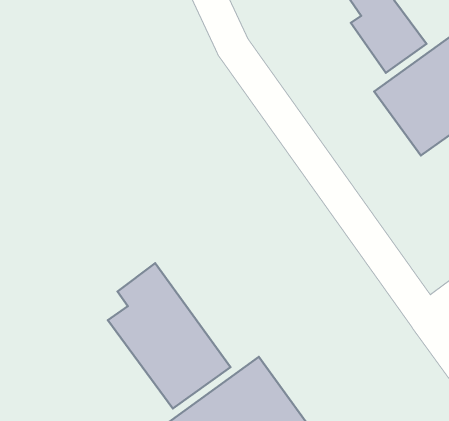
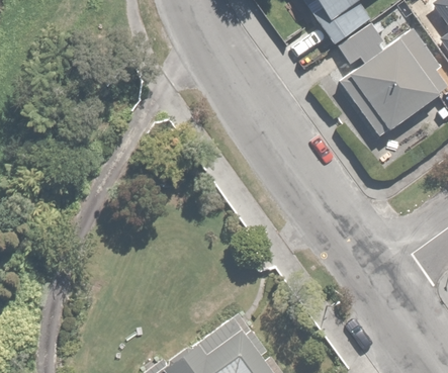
building: [108,263,230,408] -> none

